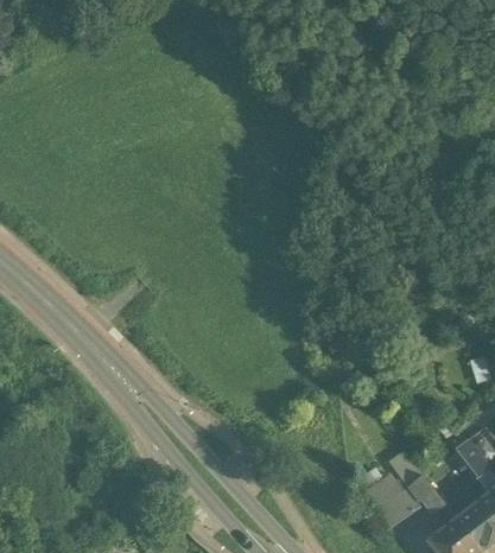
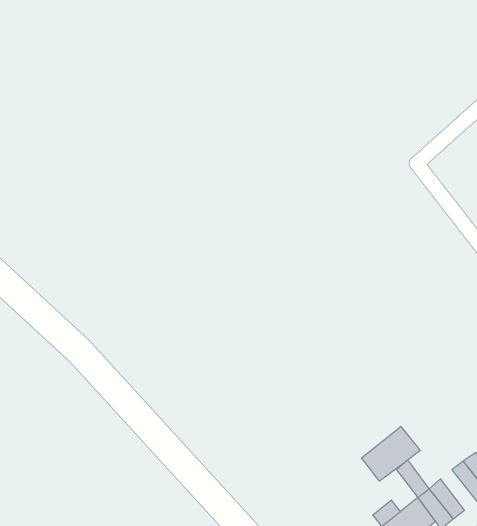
building: none -> [361,427,420,481]

